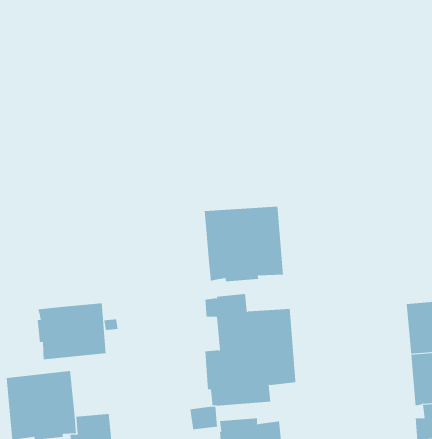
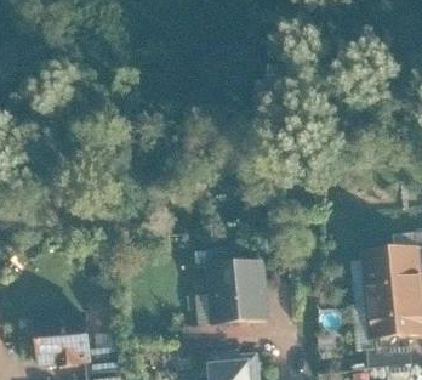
building: [204,206,283,282] -> none
building: [37,302,106,360] -> none

